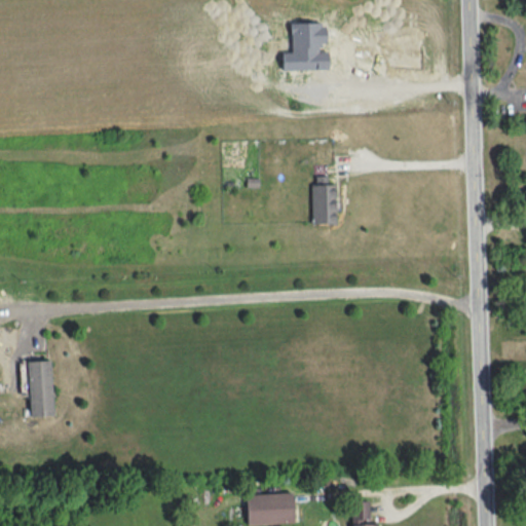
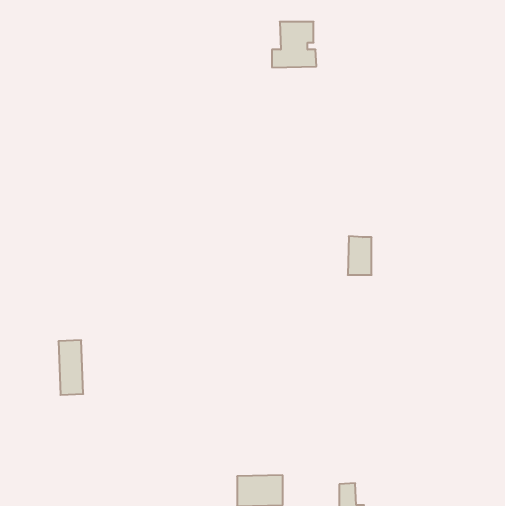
building: [312,184,337,224] -> [348,236,372,275]
building: [29,361,54,417] -> [58,340,83,395]

